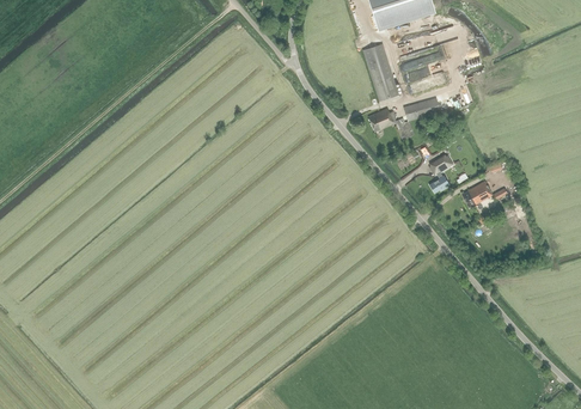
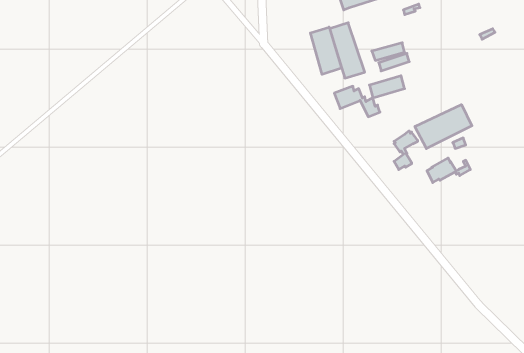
building: none -> [310,27,342,74]
building: none -> [415,105,472,149]

